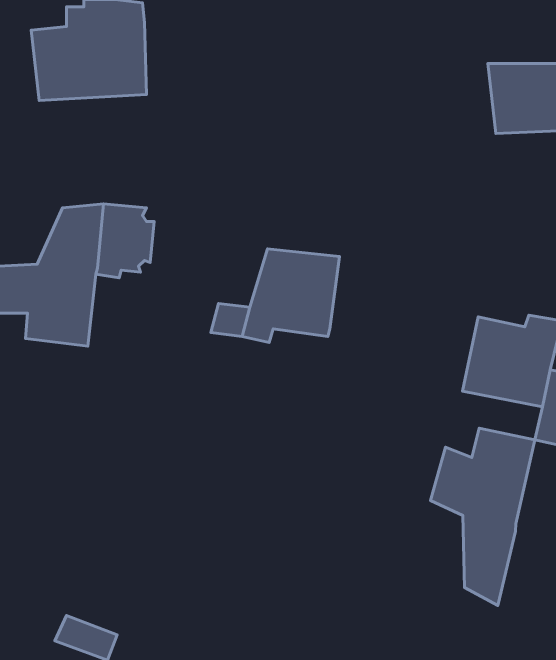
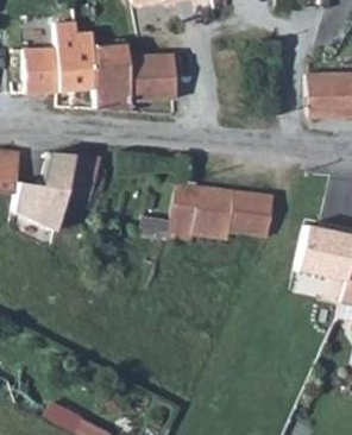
building: none -> [99,45,183,116]
building: none -> [212,188,266,239]
building: [431,428,535,606] -> none

